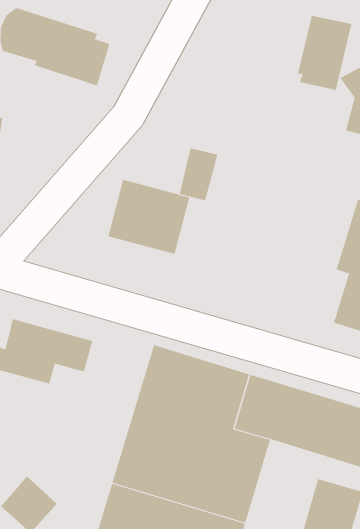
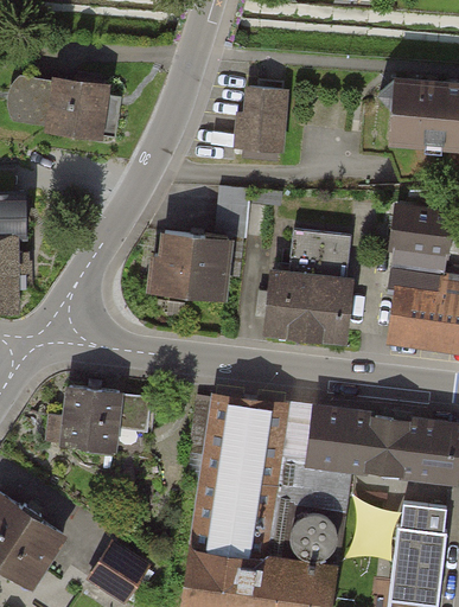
building: [297,15,352,91] -> [237,88,285,160]
building: none -> [263,229,351,343]

